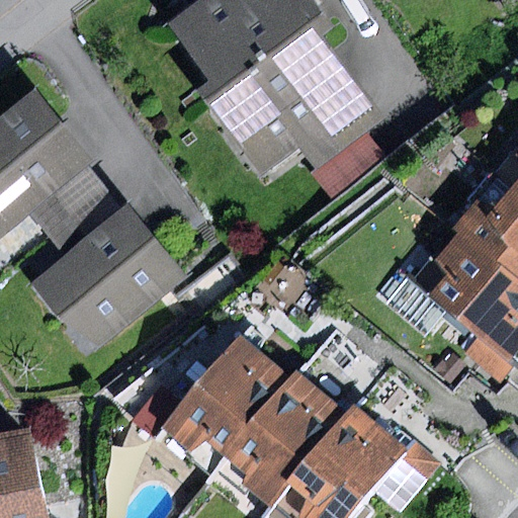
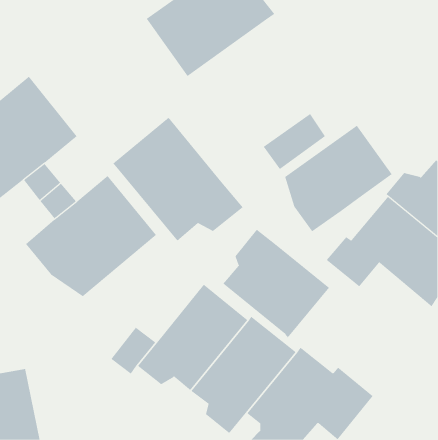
building: [205,23,366,174] -> none
building: none -> [112,117,243,241]
building: none -> [284,125,393,232]
building: none -> [222,229,330,338]

